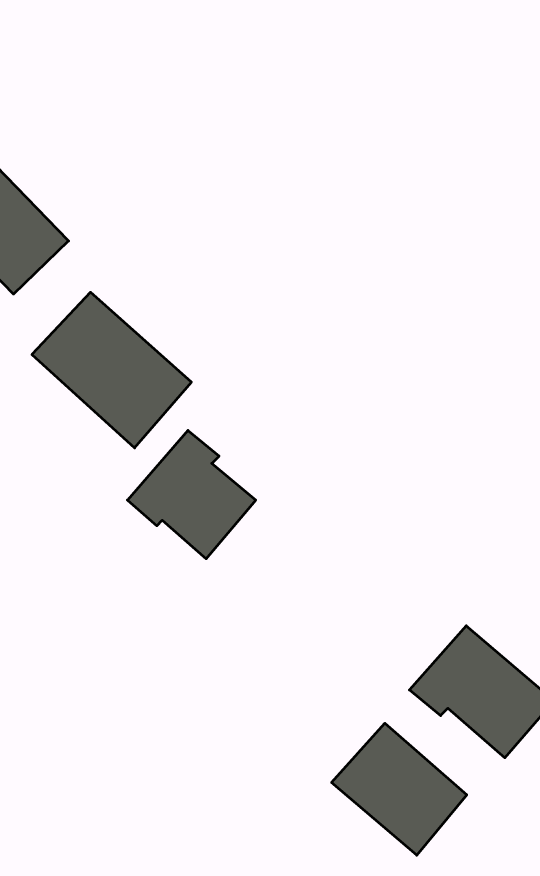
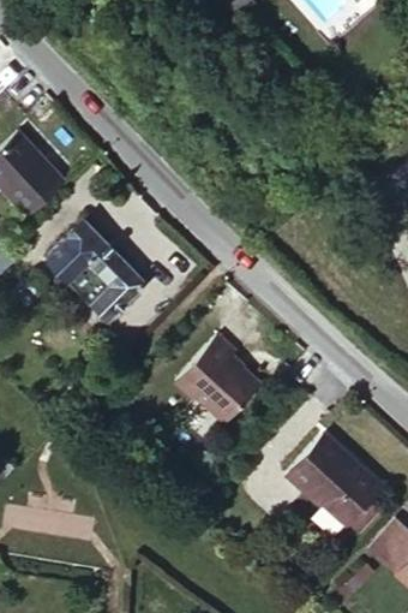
building: [127,430,256,559] -> [178,335,262,419]
building: [332,723,467,855] -> none

